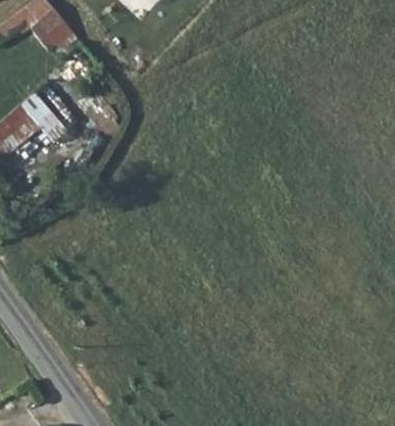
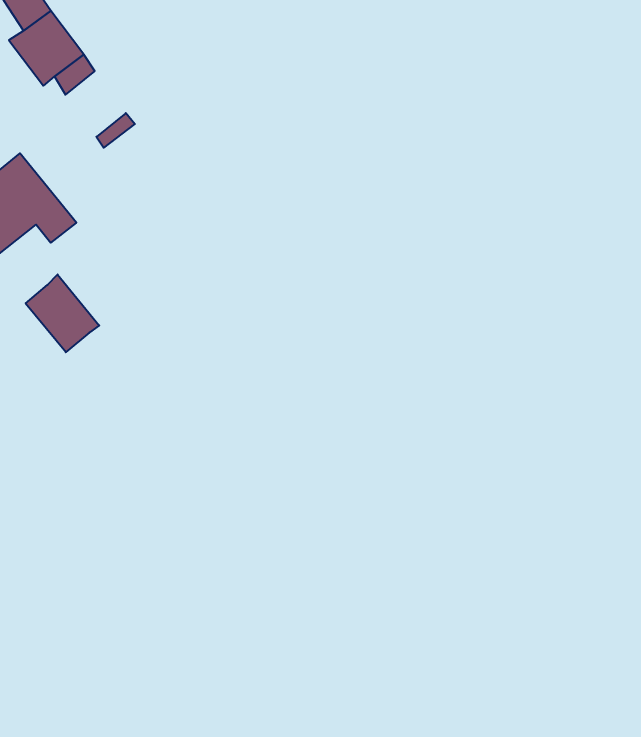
building: none -> [26,274,99,352]

